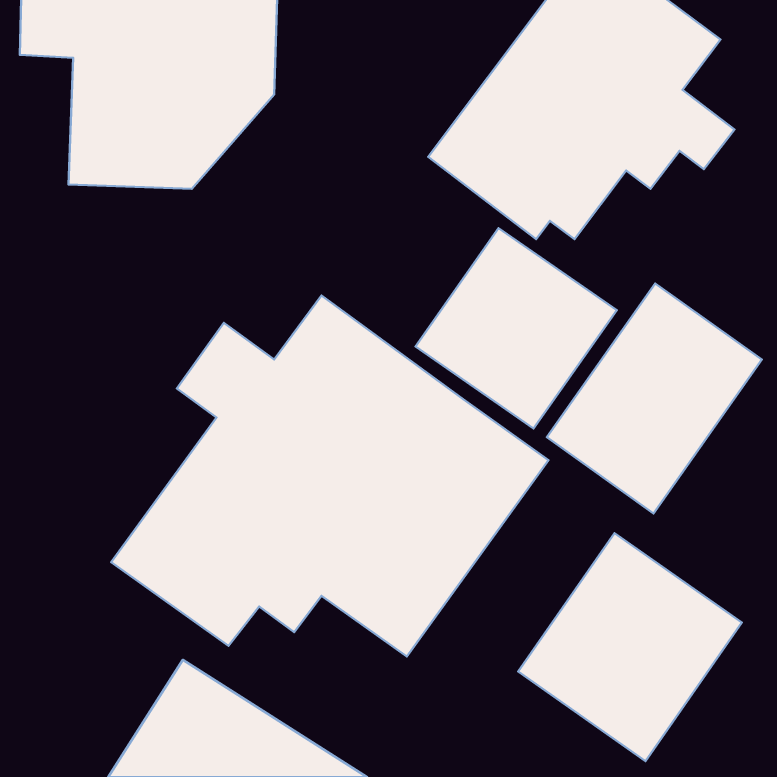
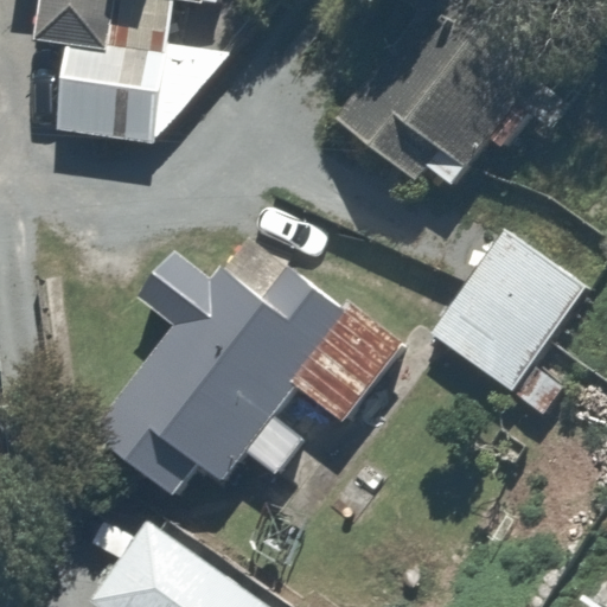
building: [415,228,617,429] -> none
building: [518,533,742,761] -> none

